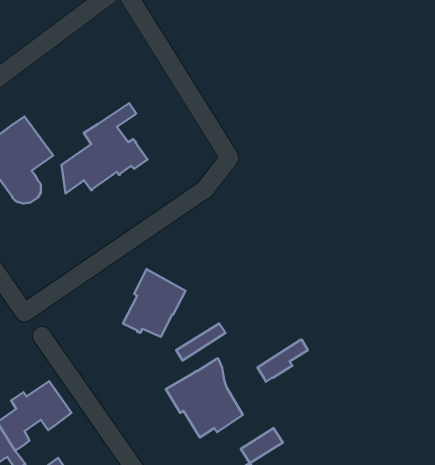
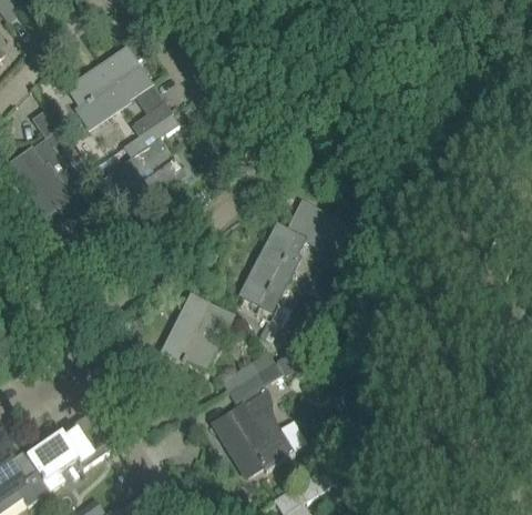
building: none -> [70,43,171,137]
building: none -> [241,201,341,312]
building: [258,340,308,382] -> [227,363,282,408]

